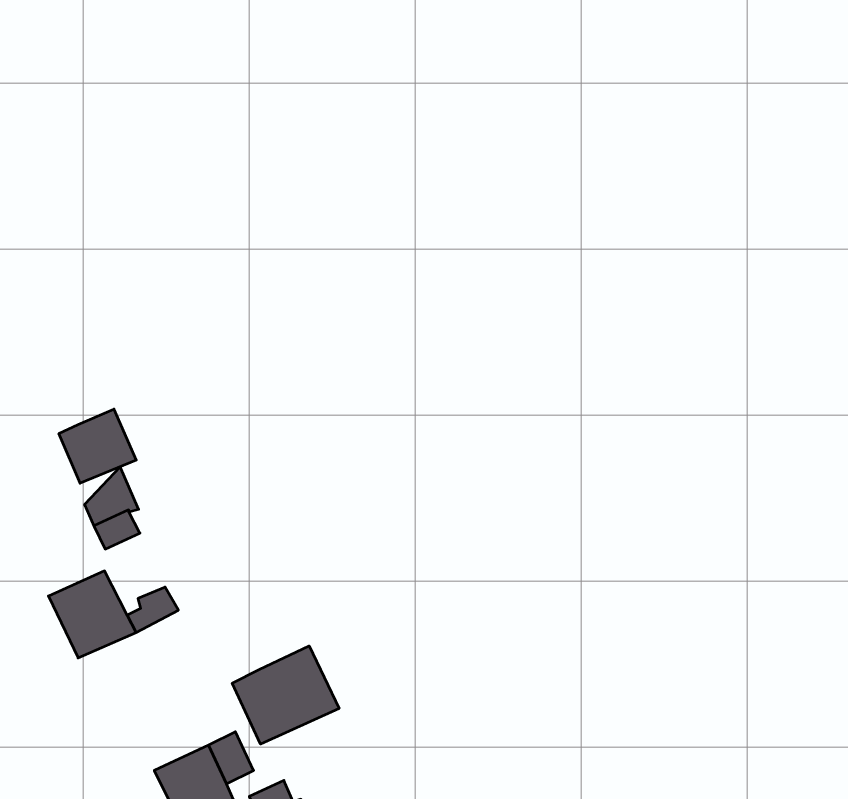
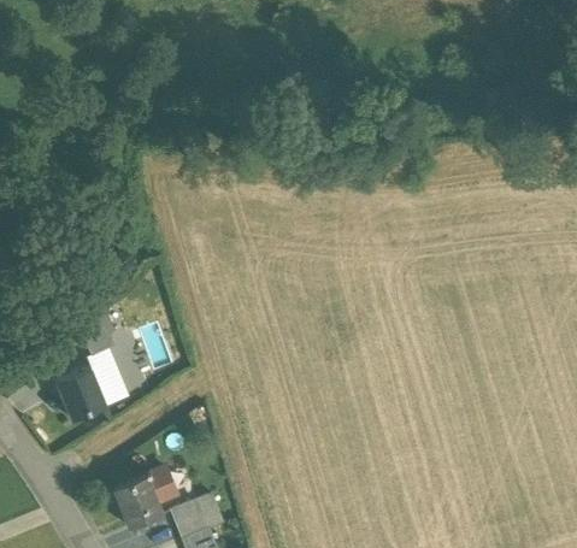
building: [59,409,136,483] -> none
building: [232,646,339,744] -> none

